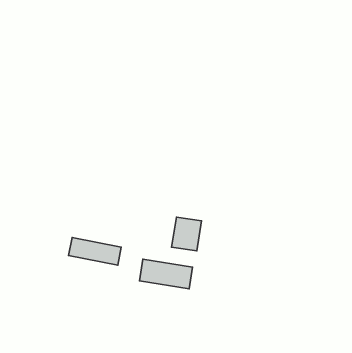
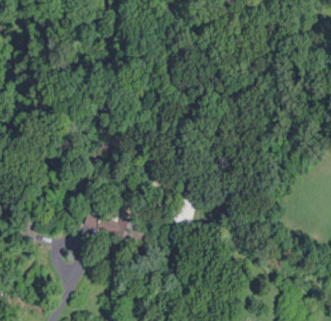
building: [140,259,192,289] -> none

